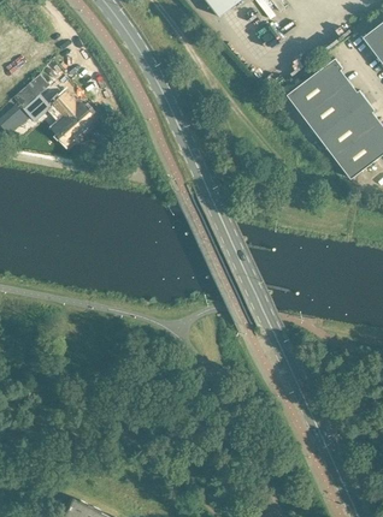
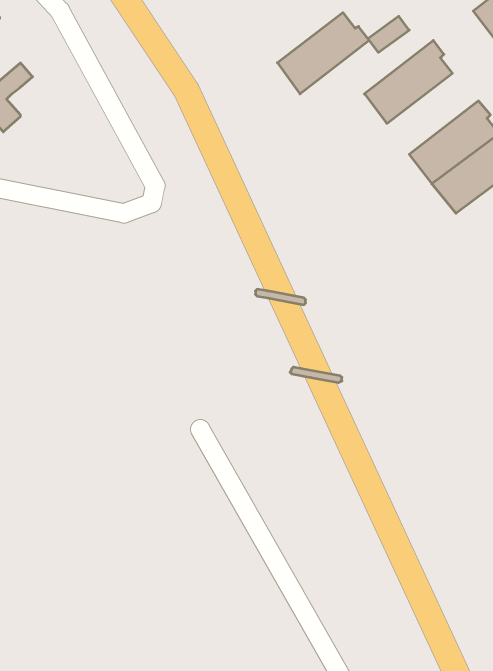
building: [302,81,366,137] -> [277,13,369,94]
building: [48,94,95,138] -> none

